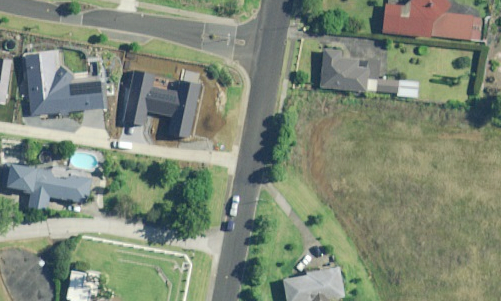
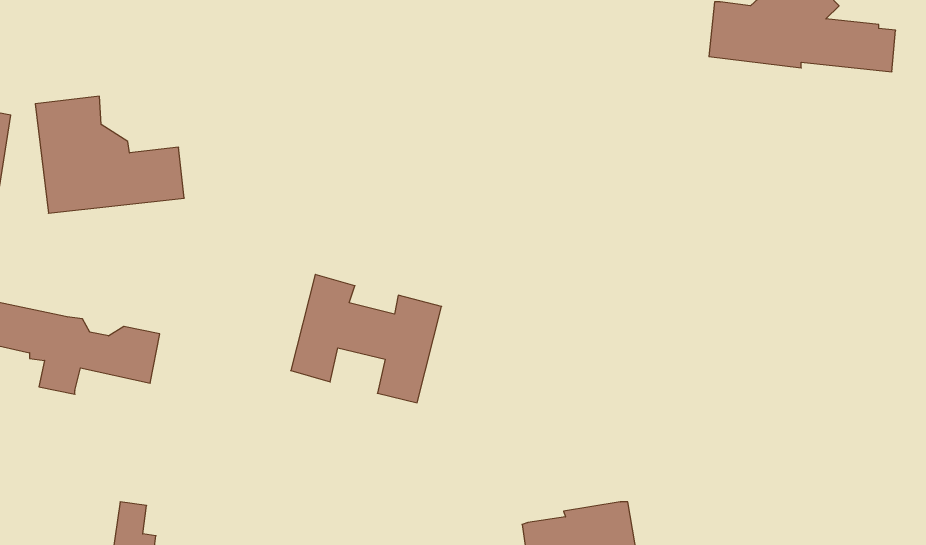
building: [320,49,418,97] -> none
building: [121,72,201,140] -> [291,274,442,403]

